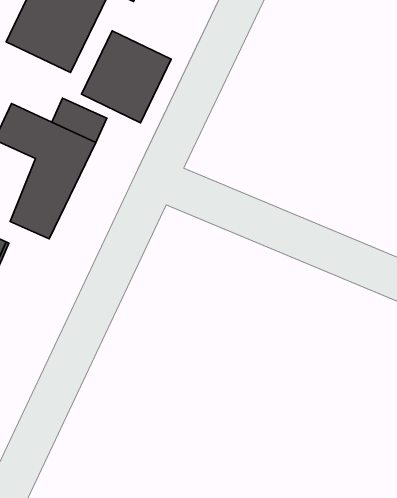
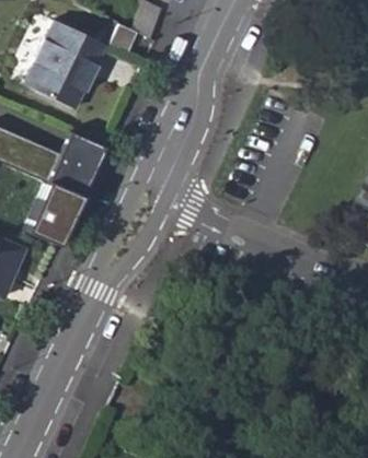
building: [81,31,171,123] -> none

